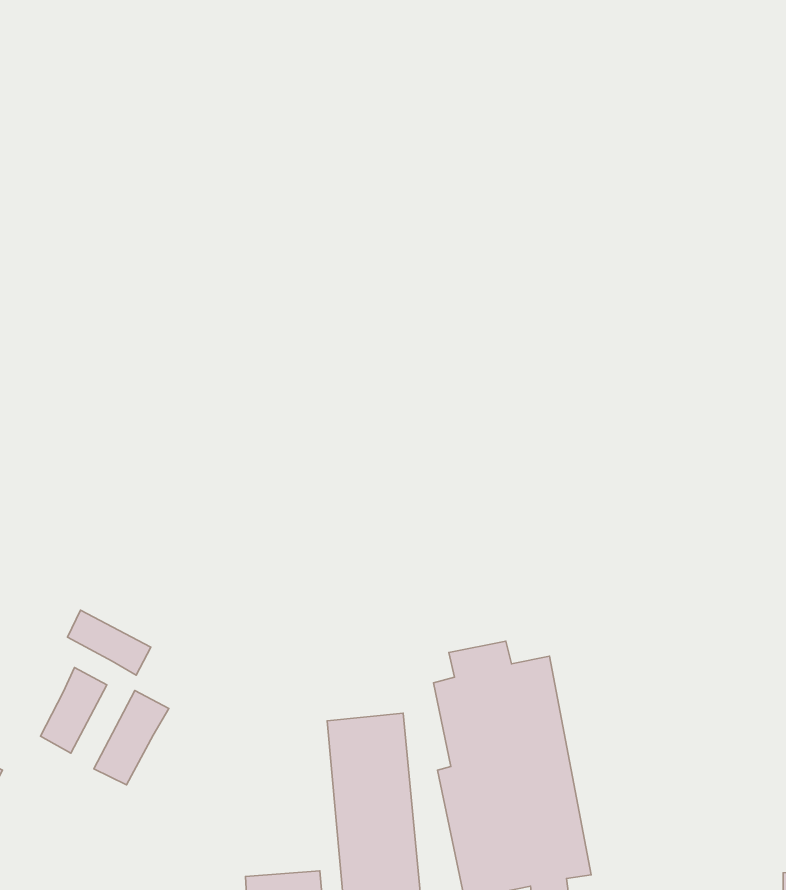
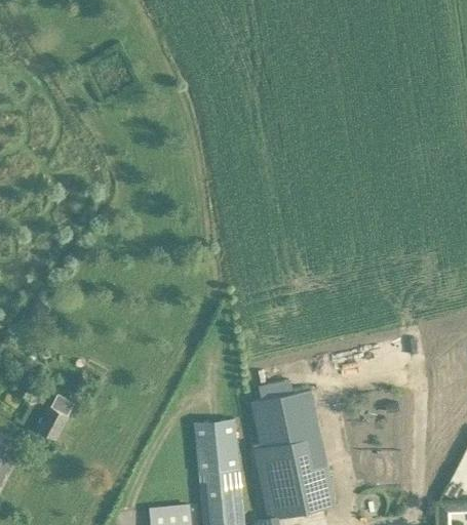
building: [67,610,151,675] -> none
building: [94,690,169,785] -> none

